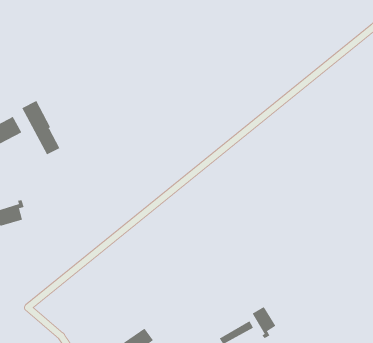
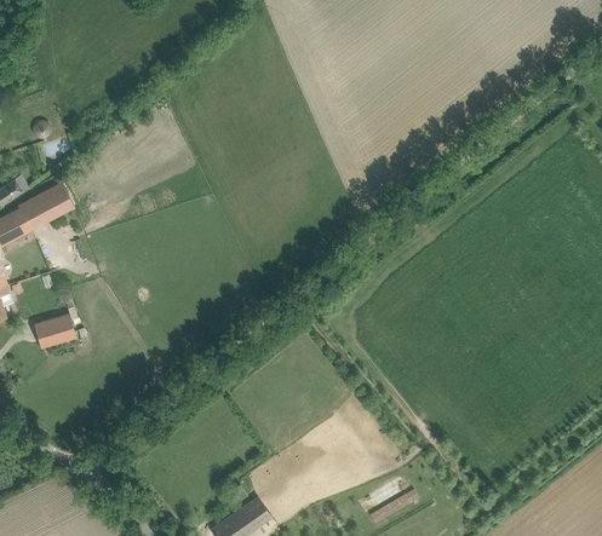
building: [21,100,60,155] -> none
building: [252,306,276,339] -> none

